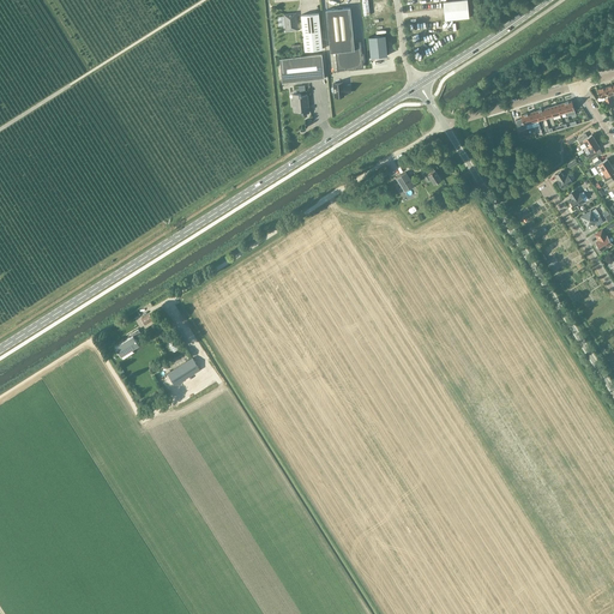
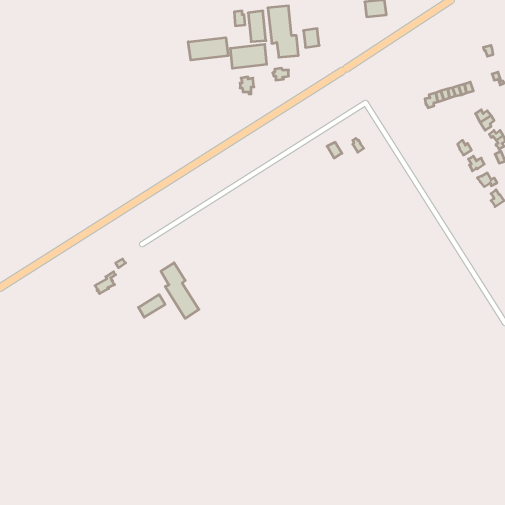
building: none -> [188,38,228,60]
building: none -> [161,263,199,318]

